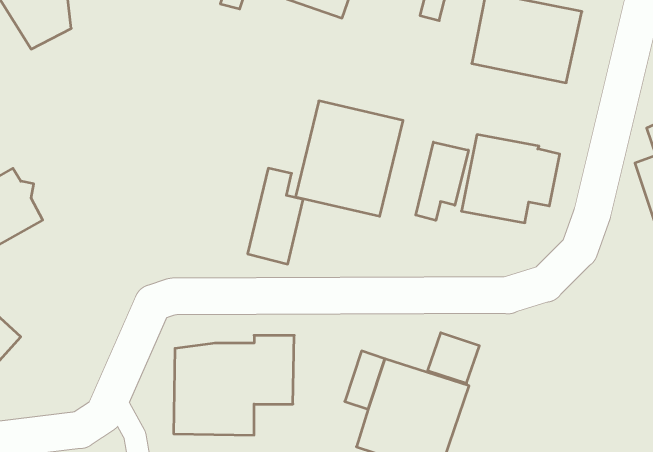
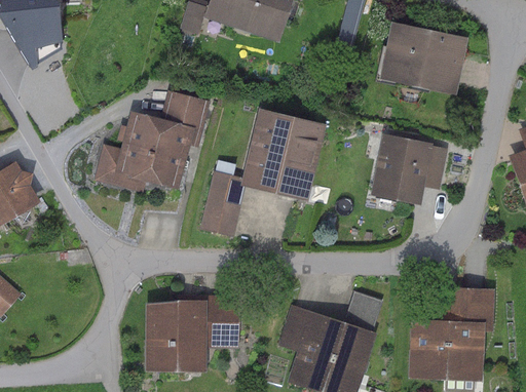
building: none -> [96,90,211,192]
building: [416,142,468,220] -> none
building: none -> [409,287,494,379]

